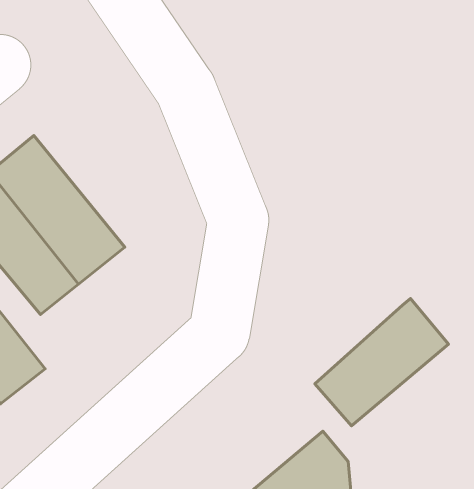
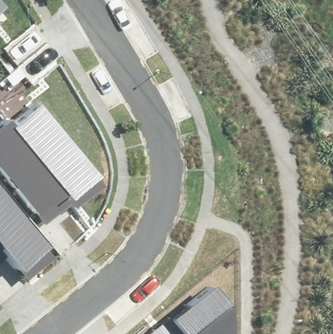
building: [315,299,448,426] -> none

